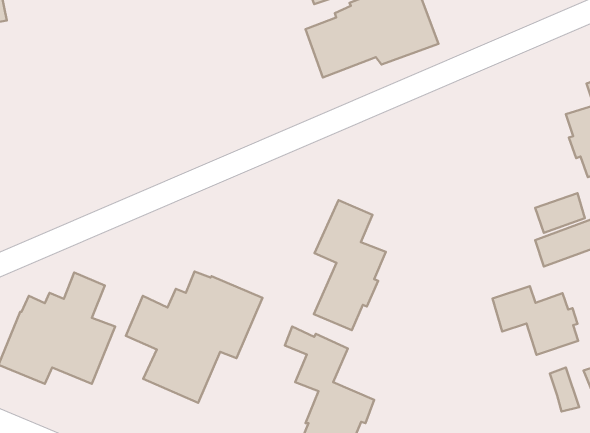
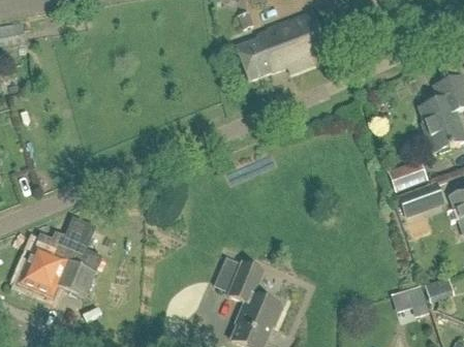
building: [314,200,386,330] -> none
building: [126,272,263,403] -> none
building: [493,286,578,355] -> none

